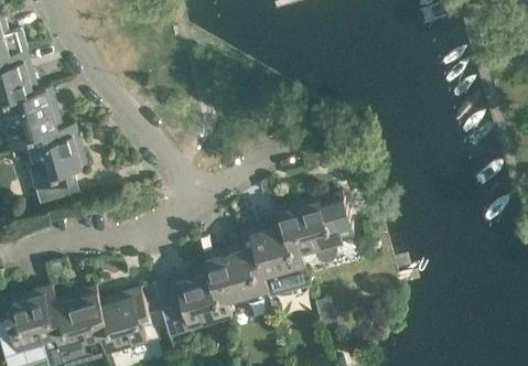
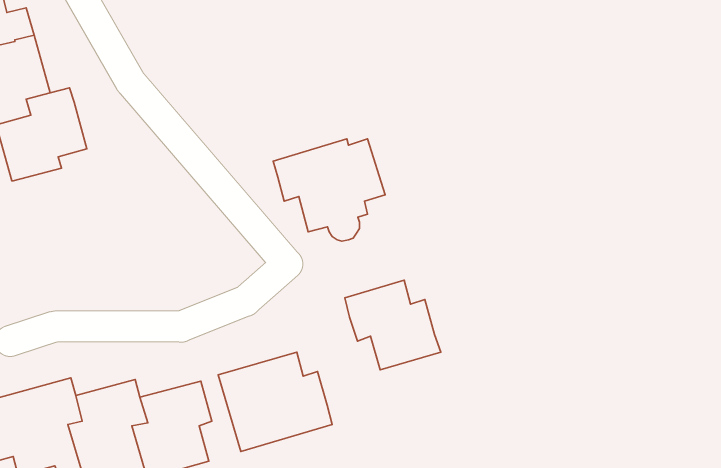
building: [12,126,87,202] -> none
building: [278,194,355,265] -> [273,139,385,241]
building: [203,246,269,306] -> none

